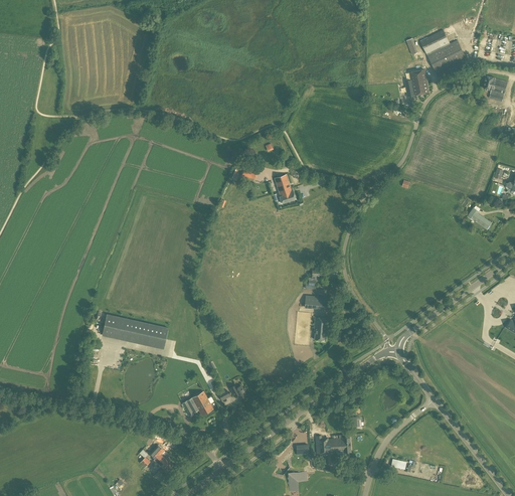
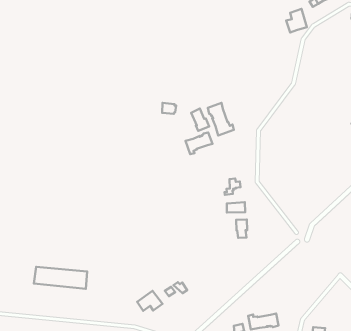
building: none -> [208,103,234,135]
building: none -> [186,132,212,154]
building: [101,315,167,349] -> [34,267,87,289]

